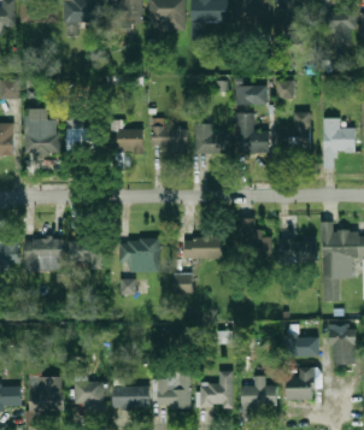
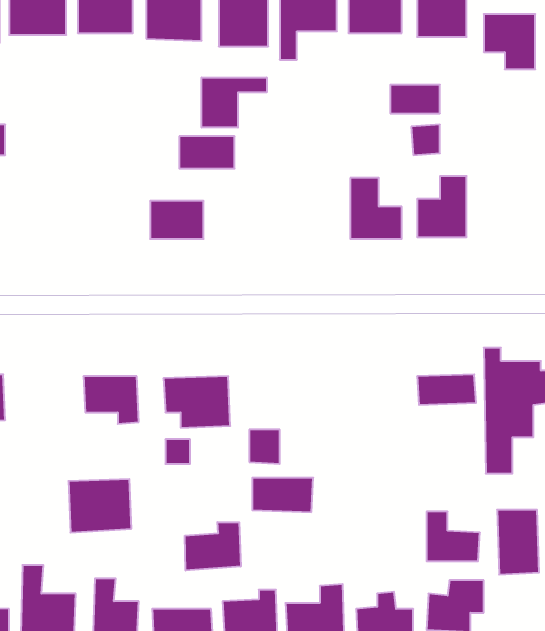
building: none -> [202,77,267,128]
building: [234,87,265,105] -> [390,85,440,113]
building: [25,110,57,154] -> none
building: [66,119,96,153] -> none
building: [323,119,354,154] -> none
building: [152,129,187,149] -> [179,136,235,169]
building: [195,130,228,153] -> none
building: [237,219,271,260] -> none
building: [23,238,63,272] -> [68,479,131,533]
building: [183,238,222,260] -> [252,478,313,512]
building: none -> [185,522,241,571]

